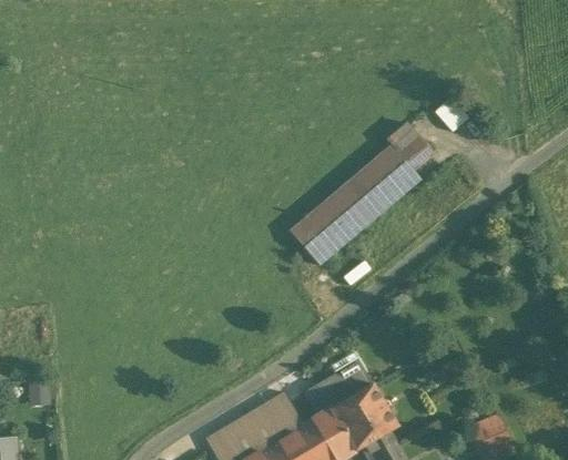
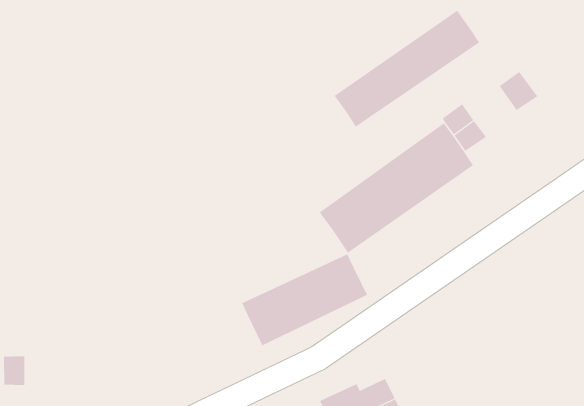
building: none -> [334,10,480,127]
building: none -> [242,254,368,346]

